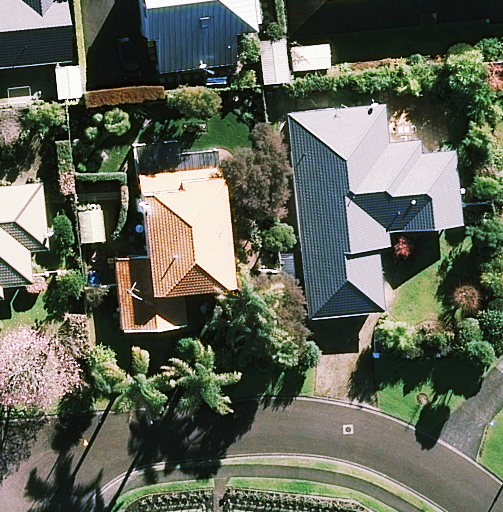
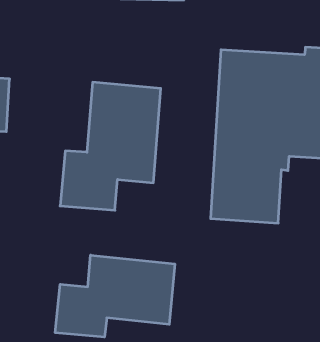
building: none -> [55,255,175,337]

